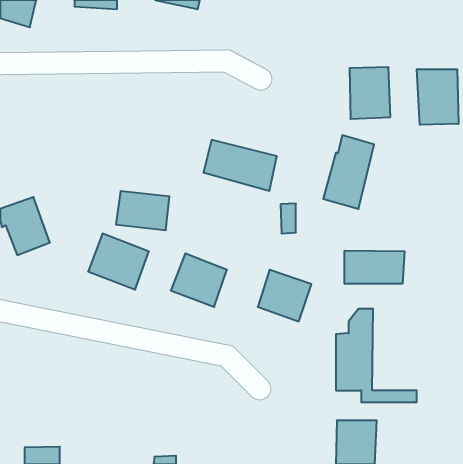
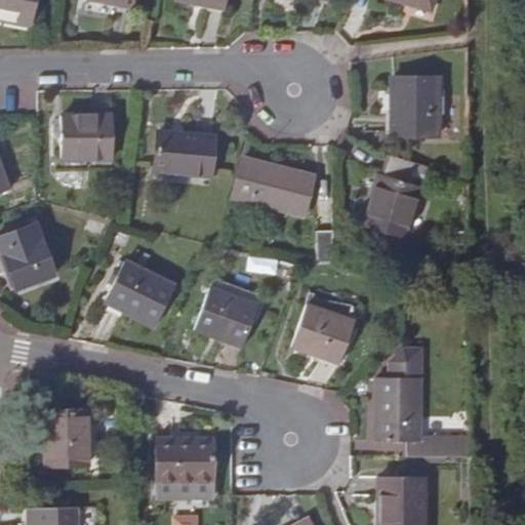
building: [417,69,459,125] -> none
building: none -> [63,115,114,157]
building: [116,191,170,230] -> [154,131,214,175]
building: [345,251,405,284] -> none
building: none -> [45,411,88,465]
building: none -> [156,438,213,484]

